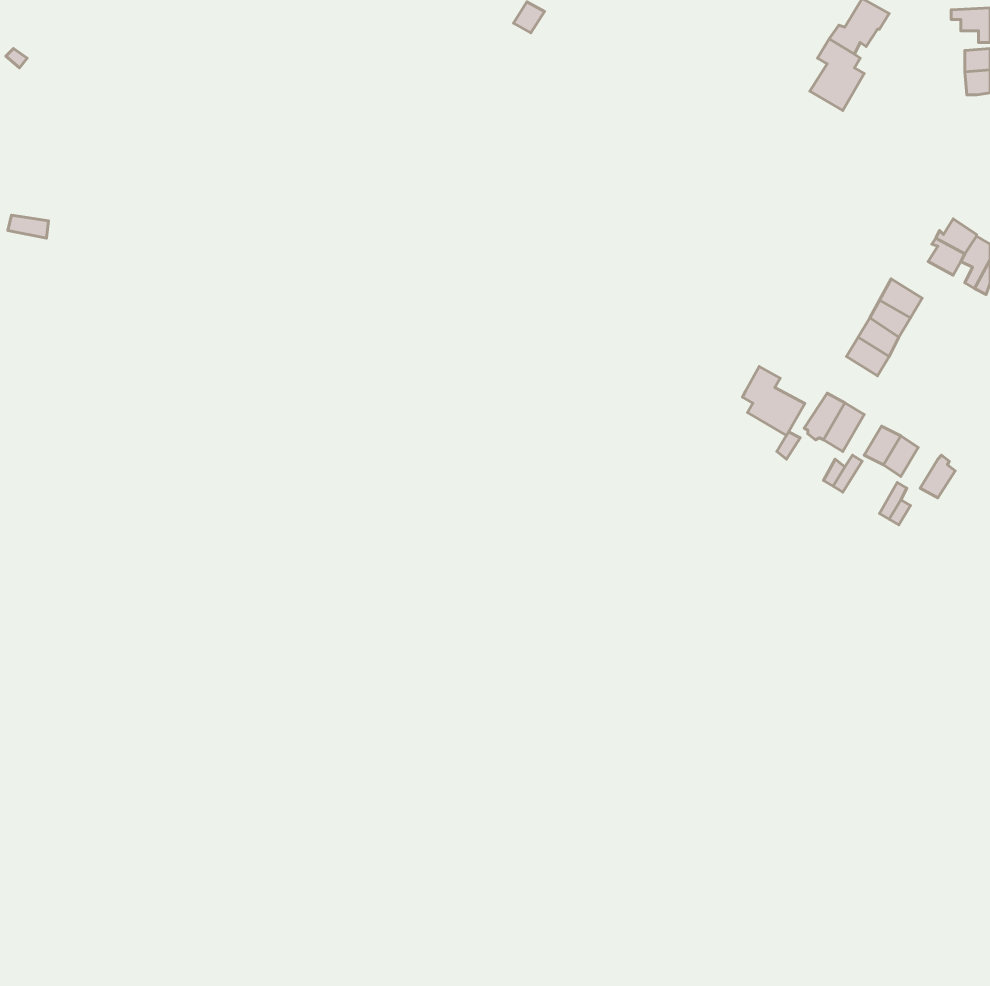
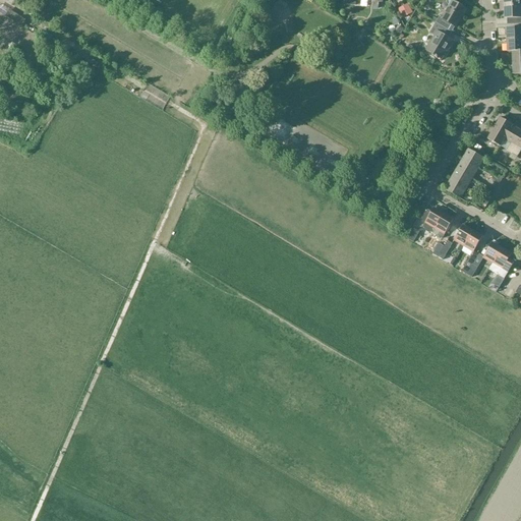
building: [743,366,805,435] -> none
building: none -> [488,247,514,277]

